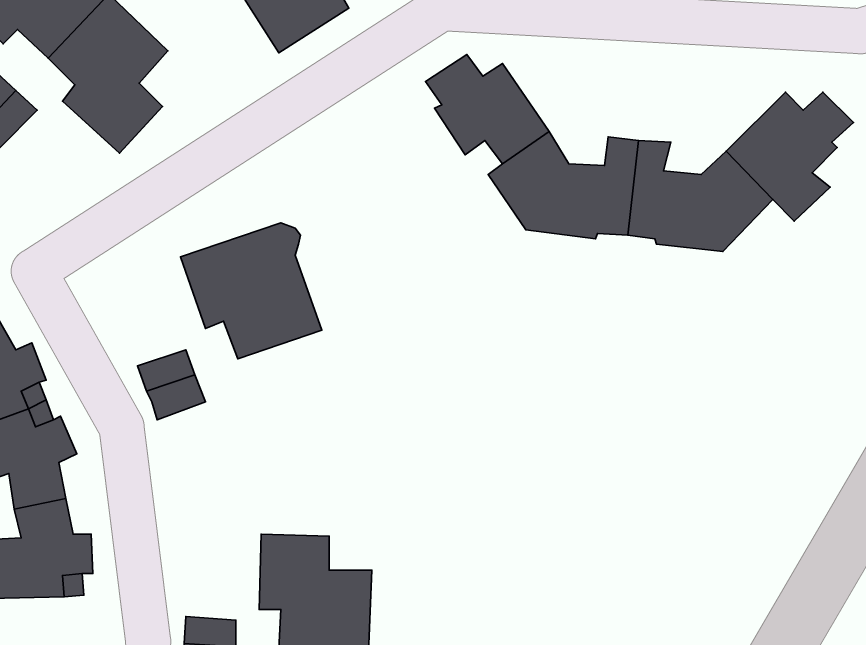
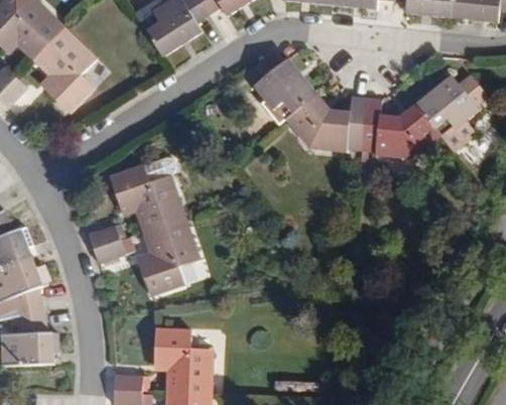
building: none -> [136,212,203,294]

